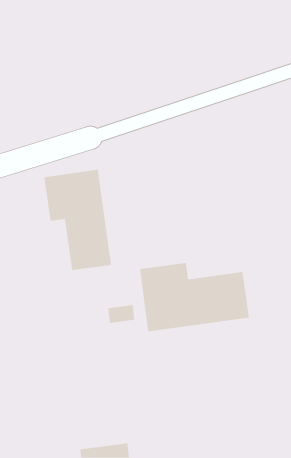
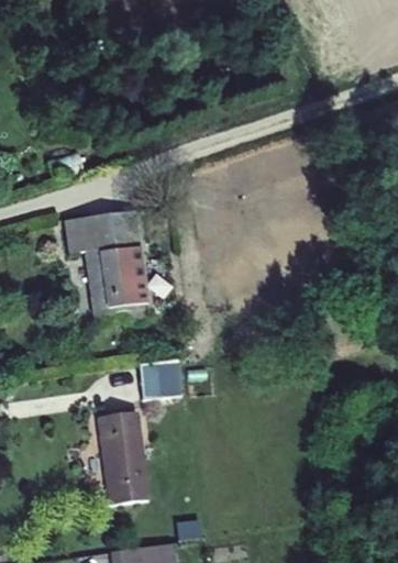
building: [139,262,250,332] -> none
building: none -> [100,405,152,503]

